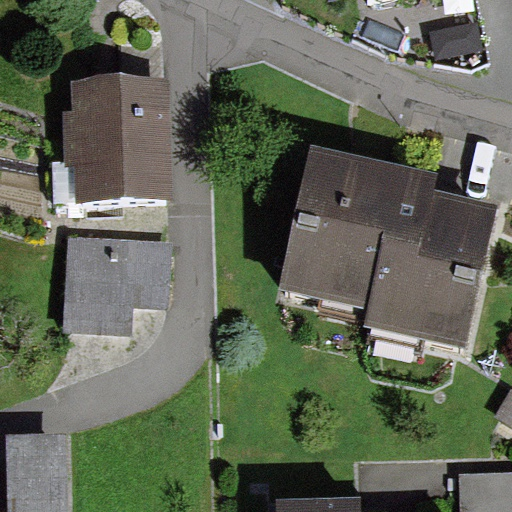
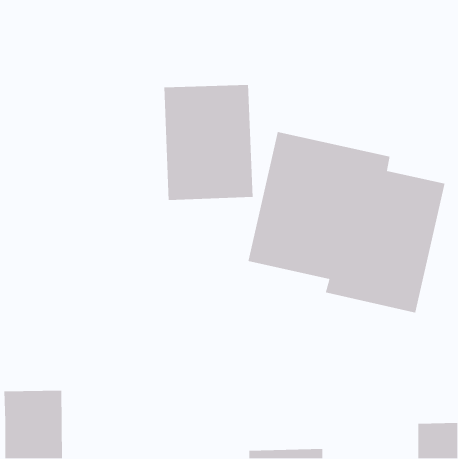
building: [72,73,172,203] -> [163,84,253,201]
building: [64,241,171,335] -> none

